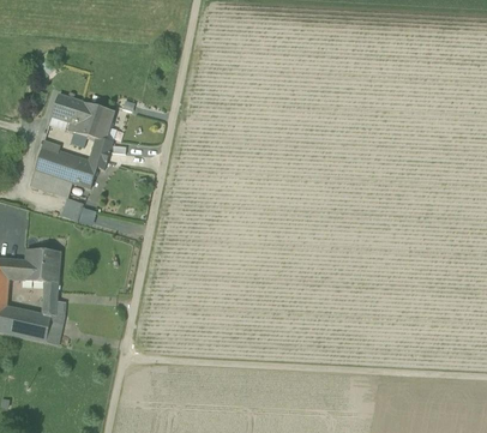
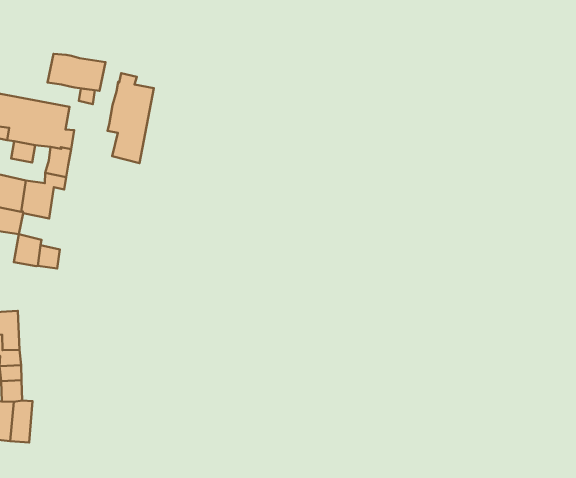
building: none -> [48,54,106,91]
building: none -> [108,73,154,163]

